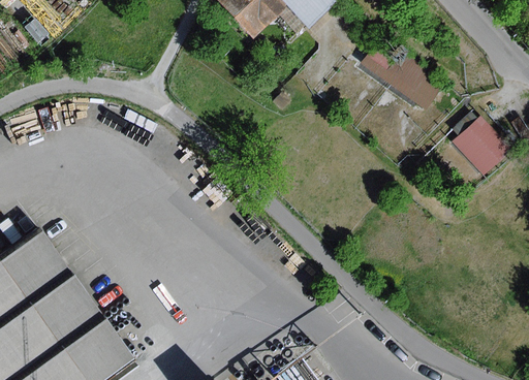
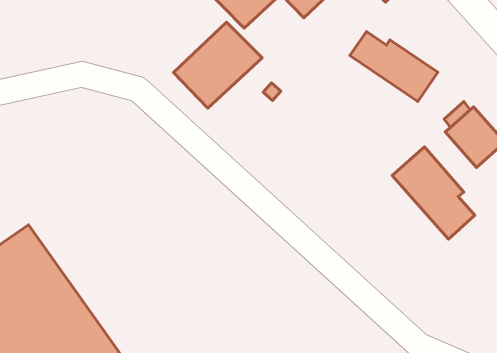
building: none -> [174,22,262,108]
building: none -> [392,147,475,239]

